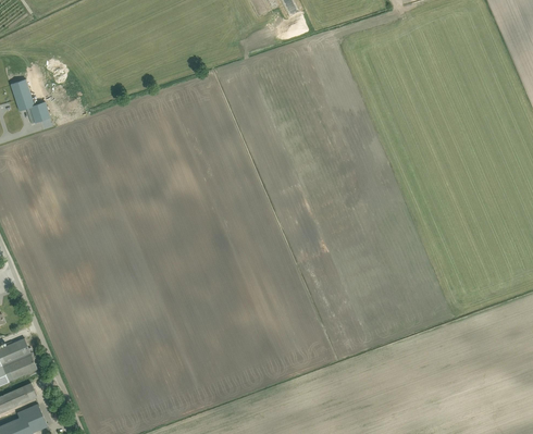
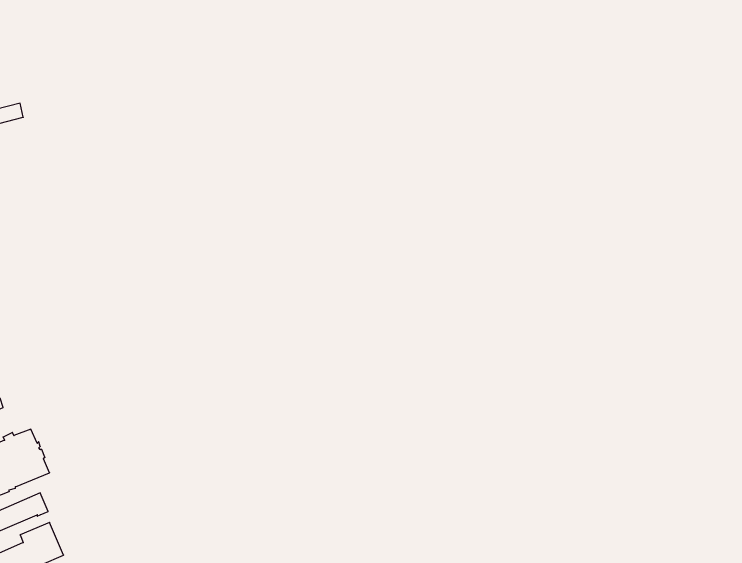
building: [10,79,50,123] -> none

